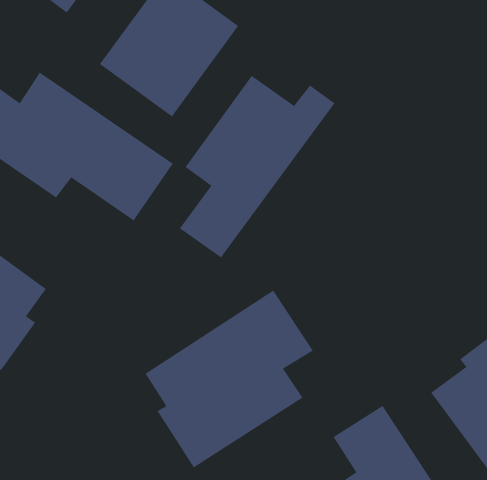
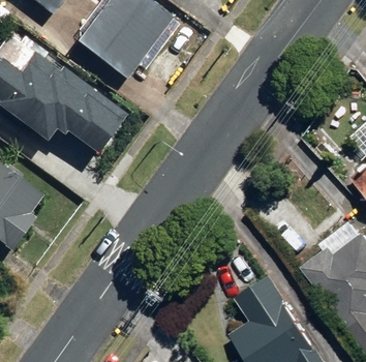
building: [179,75,335,259] -> none
building: [144,289,314,469] -> none

